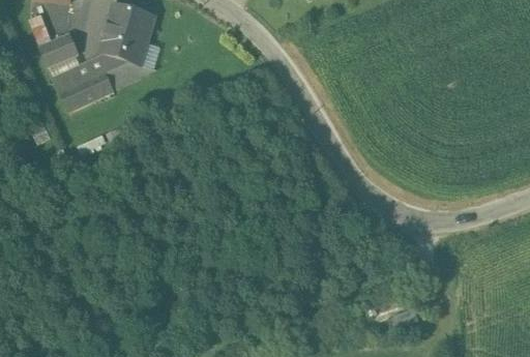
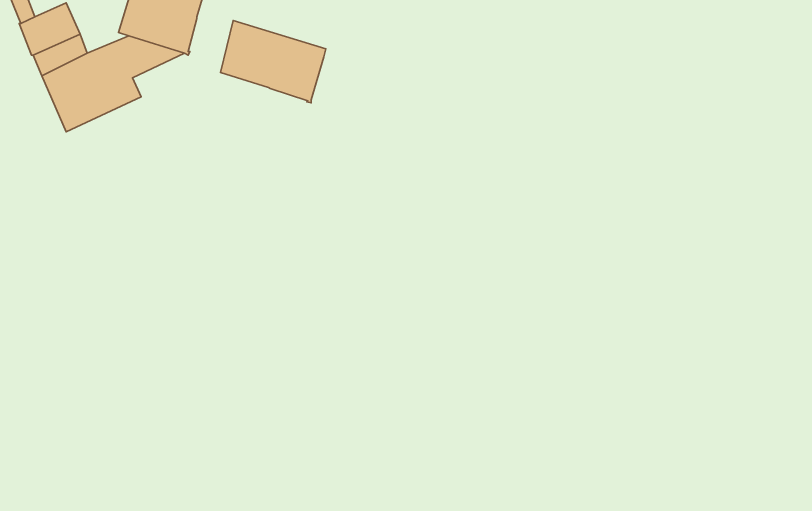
building: none -> [220,21,326,103]

